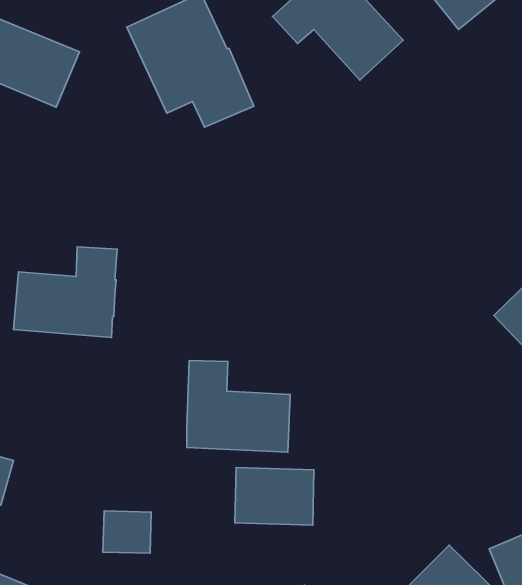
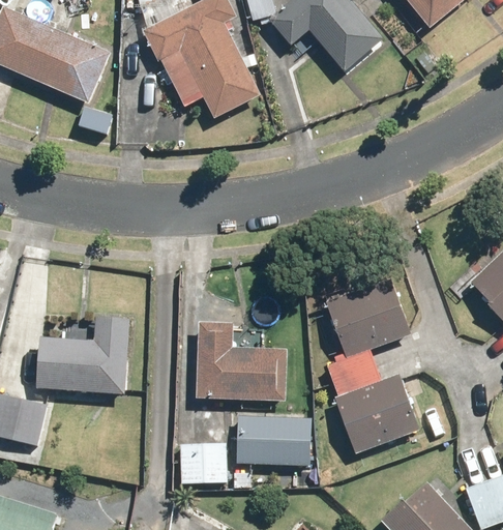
building: [14,247,117,338] -> [38,315,129,394]
building: none -> [323,278,418,451]
building: [103,511,151,553] -> [179,445,221,482]

